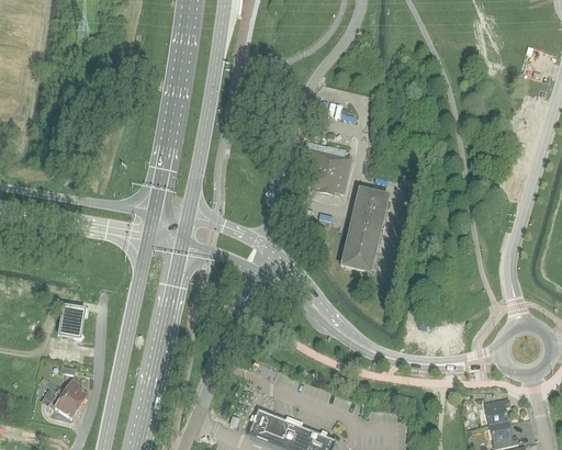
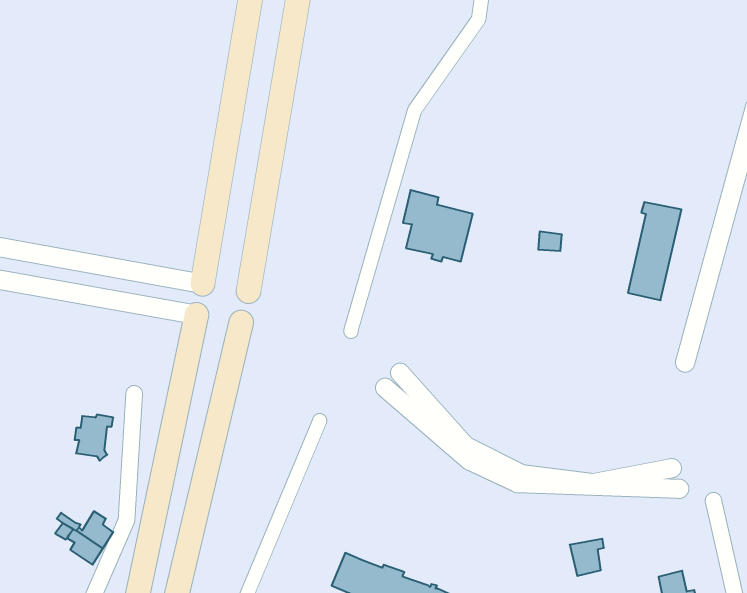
building: [345,196,384,269] -> [628,202,681,300]
building: [484,400,509,427] -> [570,539,604,576]

